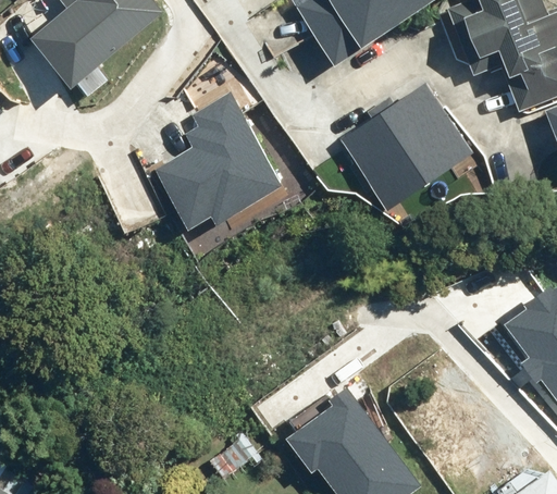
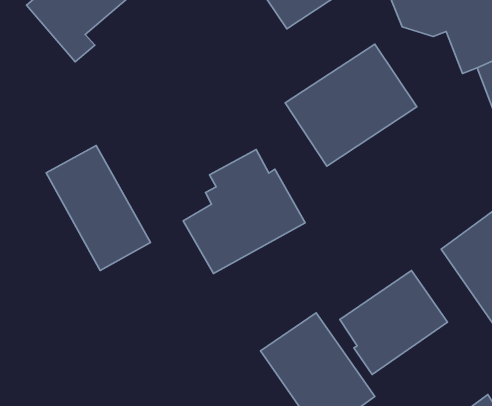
building: [147,99,283,237] -> [183,150,305,274]
building: none -> [46,146,151,271]
building: none -> [340,270,448,374]

